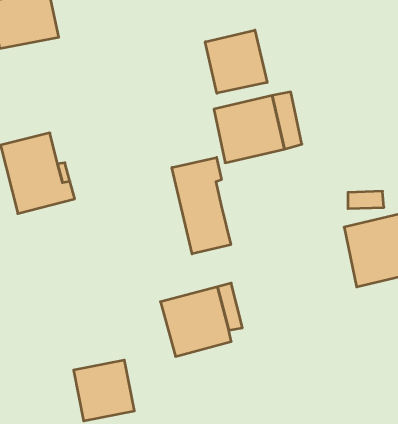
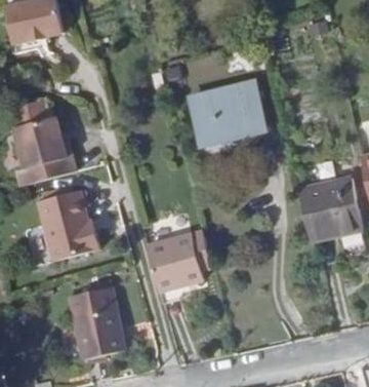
building: [205,30,267,93] -> none
building: [172,157,231,254] -> none
building: none -> [36,189,97,259]

